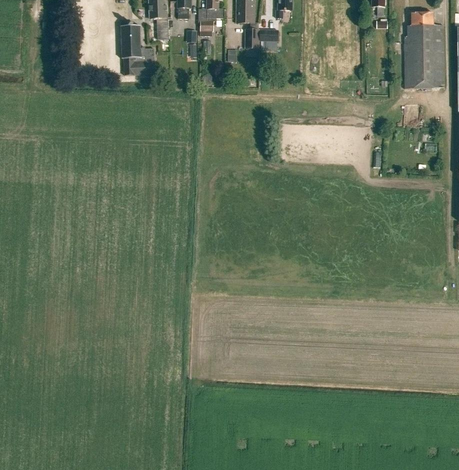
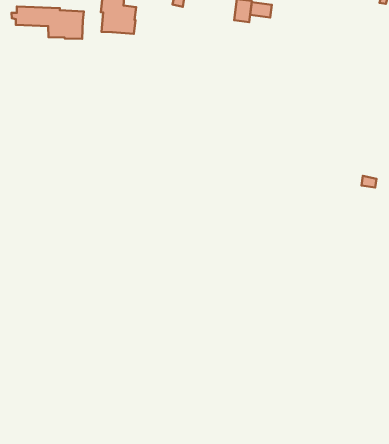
building: none -> [12,6,84,39]

